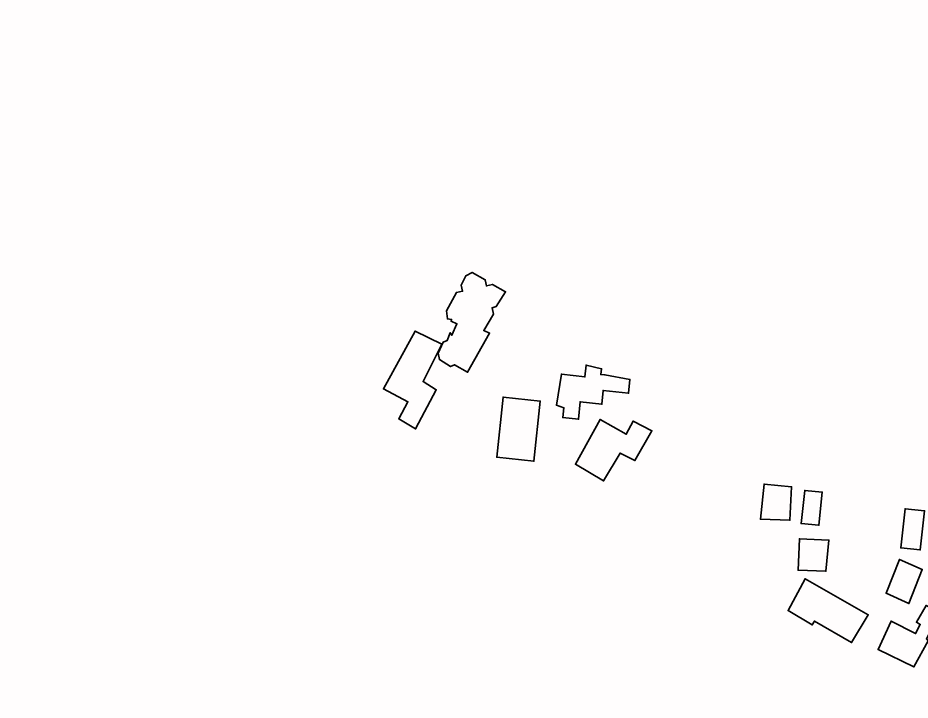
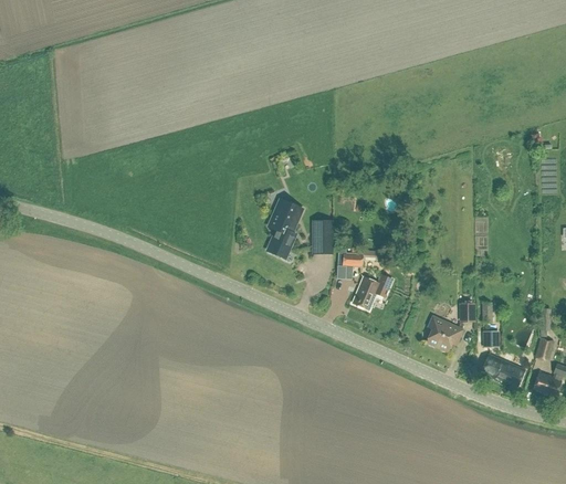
building: [384,331,442,429] -> none
building: [497,397,540,461] -> [312,219,333,253]
building: none -> [427,315,462,349]

